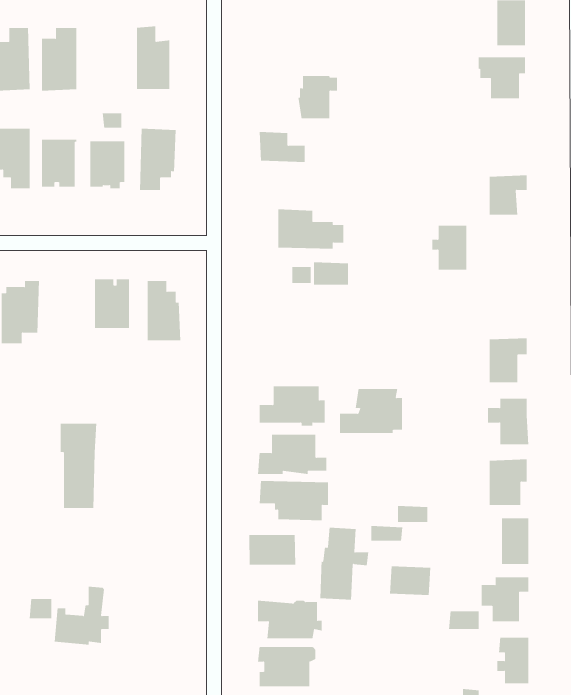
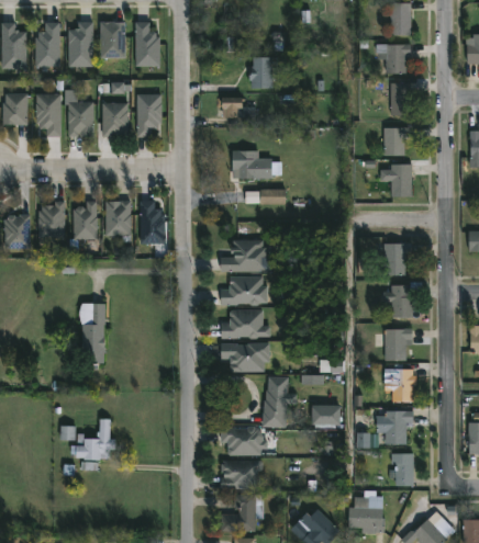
building: none -> [99,23,124,59]
building: none -> [390,83,413,116]
building: [431,225,467,270] -> [386,165,411,196]
building: none -> [74,202,97,240]
building: [339,388,403,433] -> [220,240,265,272]
building: [249,534,296,566] -> none

